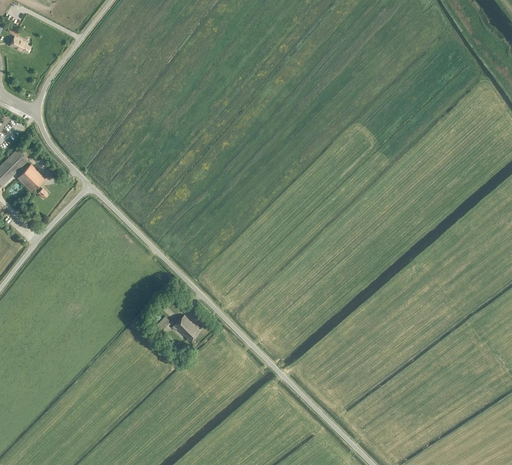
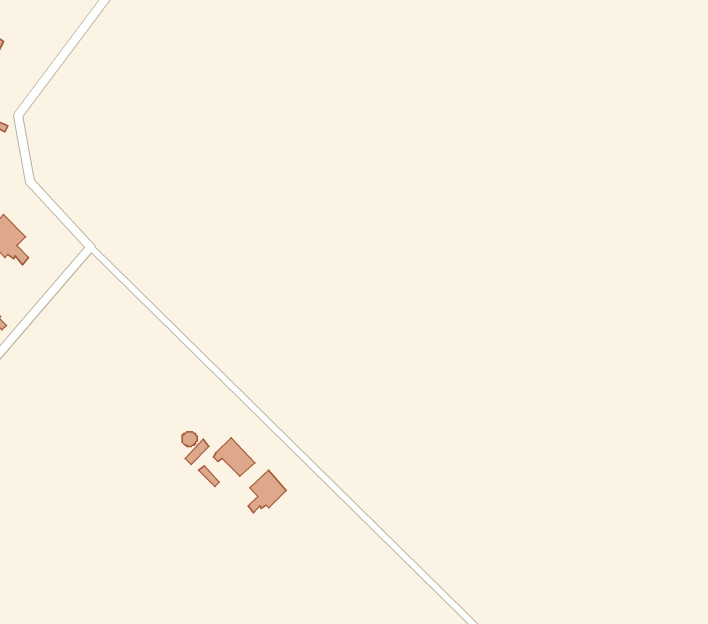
building: none -> [248,470,286,513]

